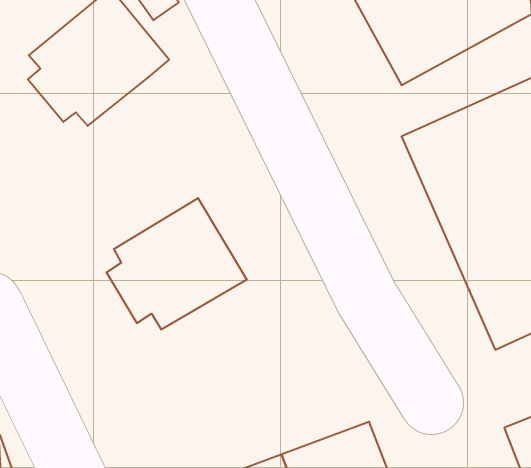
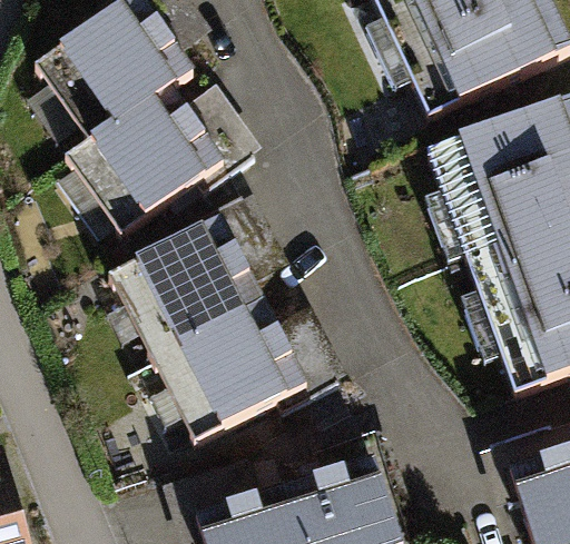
building: none -> [87,96,229,230]
building: none -> [163,307,306,438]

